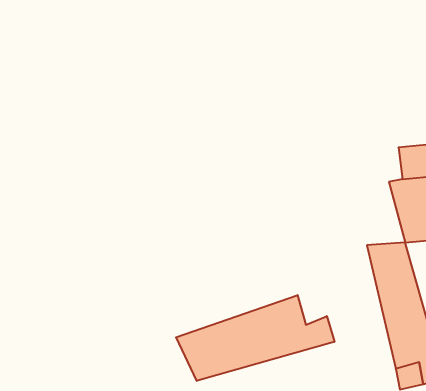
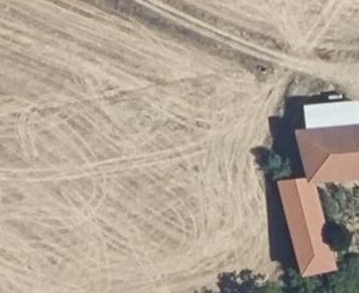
building: [176,295,334,381] -> none

